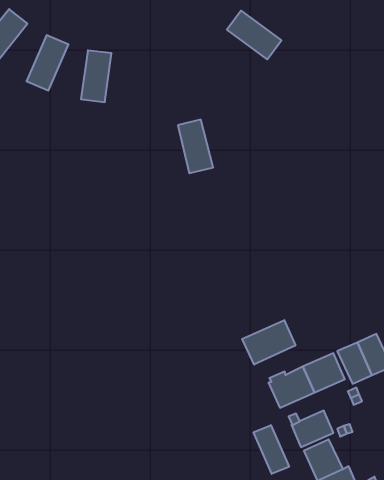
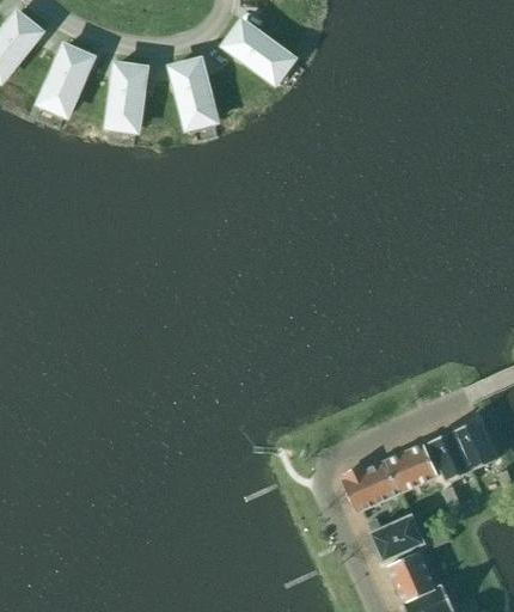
building: [227,11,281,59] -> [226,20,294,81]
building: [178,120,213,173] -> [173,60,218,127]
building: [242,320,295,365] -> none
building: [254,425,289,474] -> none

